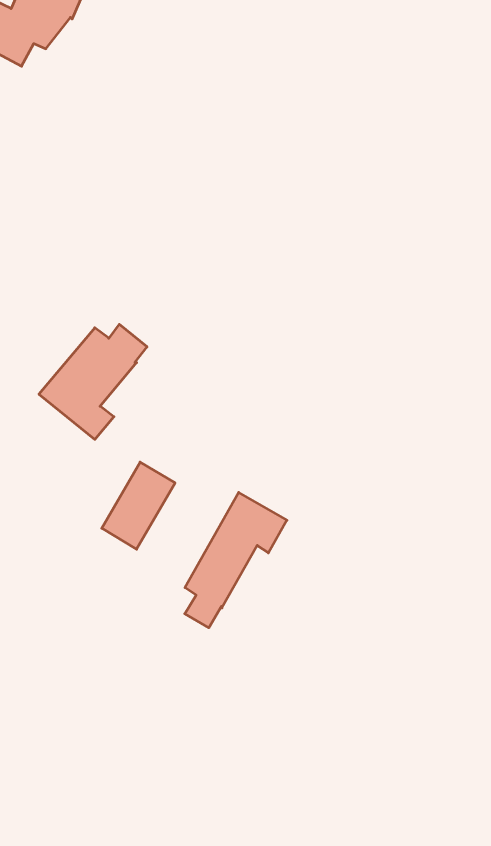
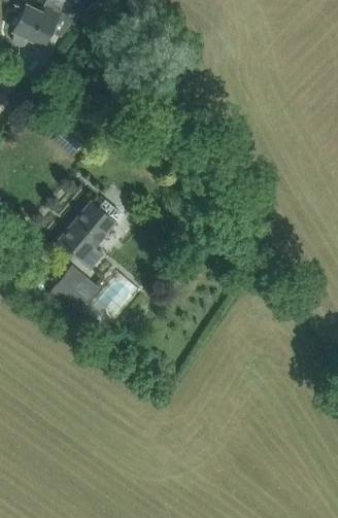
building: none -> [46,265,98,317]
building: [185,492,287,628] -> none

